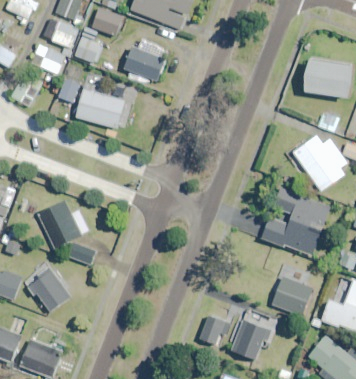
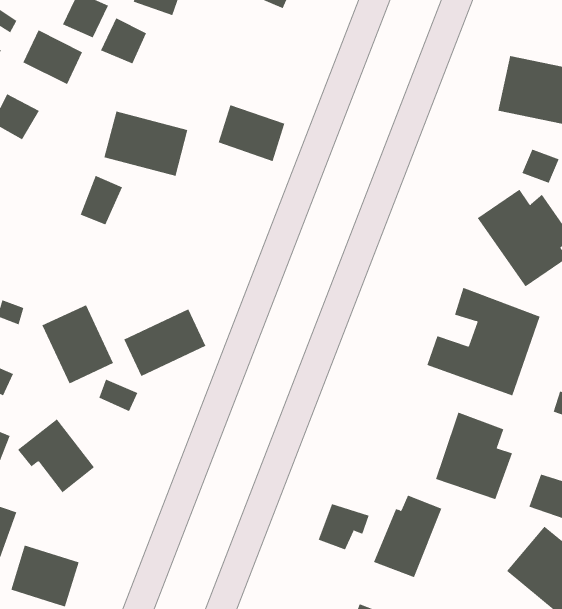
building: [125,47,164,80] -> [218,105,285,162]
building: [55,73,80,102] -> [80,175,123,225]
building: none -> [123,308,206,377]

